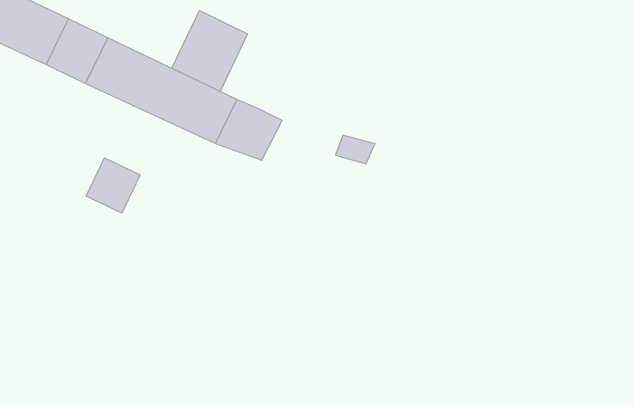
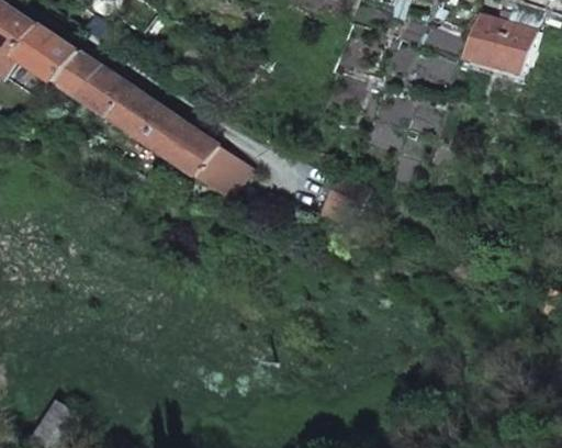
building: [172,11,248,91] -> none
building: [86,158,140,213] -> none

